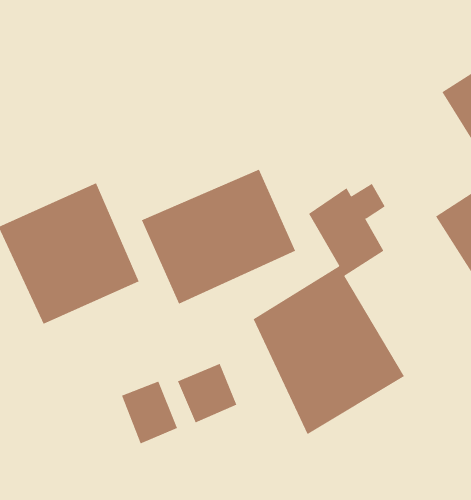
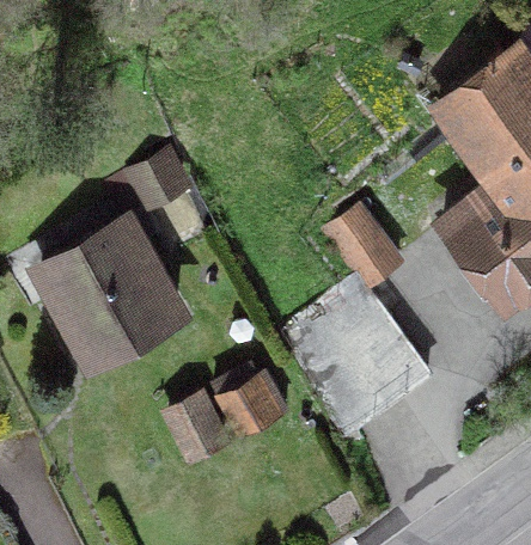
building: [141,169,296,304] -> none

